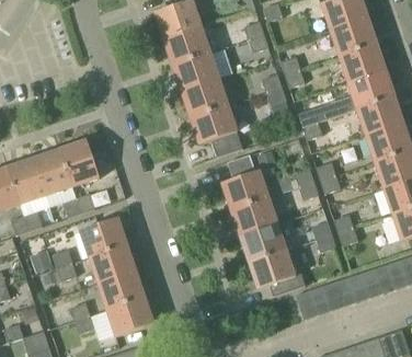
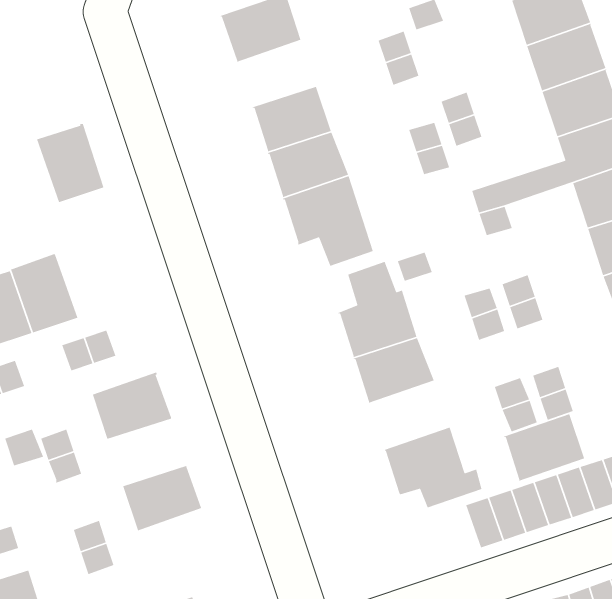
building: [164,26,210,65] -> none
building: [60,140,100,186] -> [36,123,104,203]
building: [240,222,287,262] -> [503,413,585,482]
building: [90,244,136,283] -> none
building: [107,296,154,336] -> none

